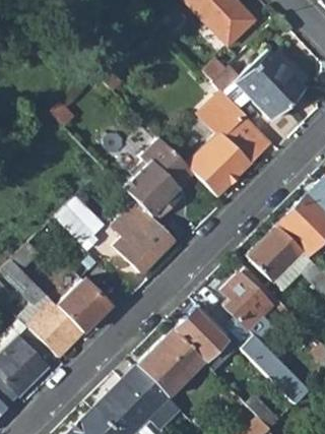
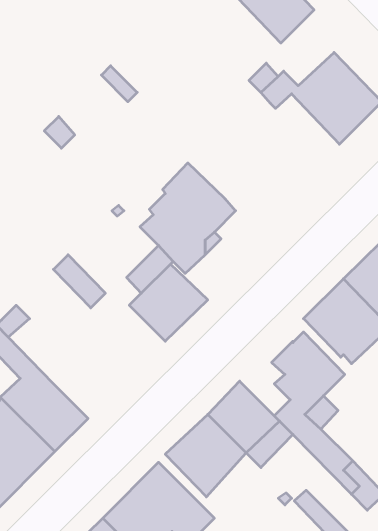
building: [187,90,273,196] -> none
building: [56,278,109,331] -> none

